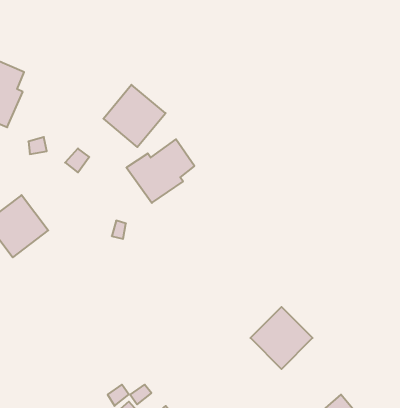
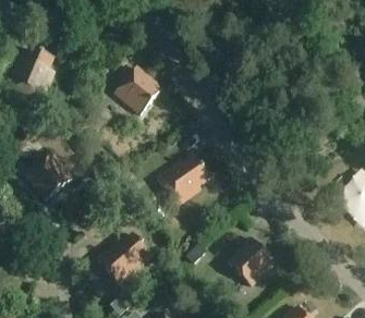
building: [126,139,194,203] -> [157,156,209,205]
building: none -> [98,233,150,284]

